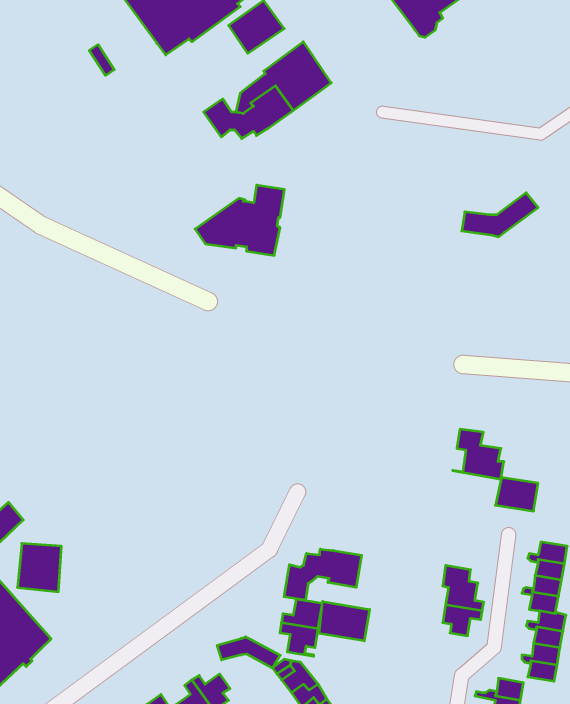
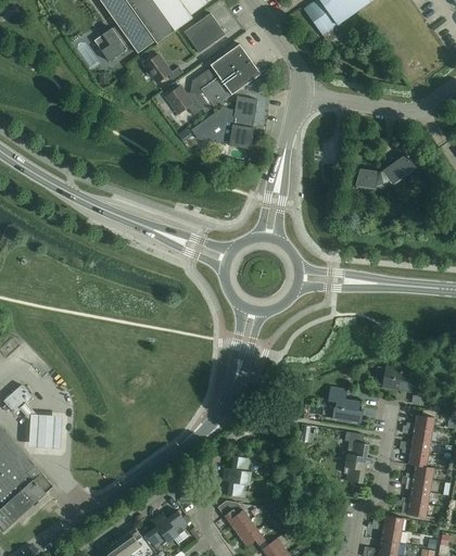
building: none -> [94,25,131,62]
building: none -> [144,54,182,83]
building: [195,185,284,255] -> [191,97,257,149]
building: [453,429,504,479] -> [325,387,363,424]
building: [284,549,362,600] -> none
building: [319,601,370,641] -> none
building: [217,637,280,668] -> none

